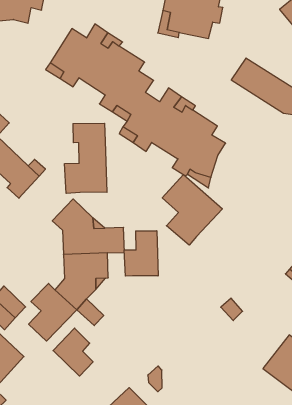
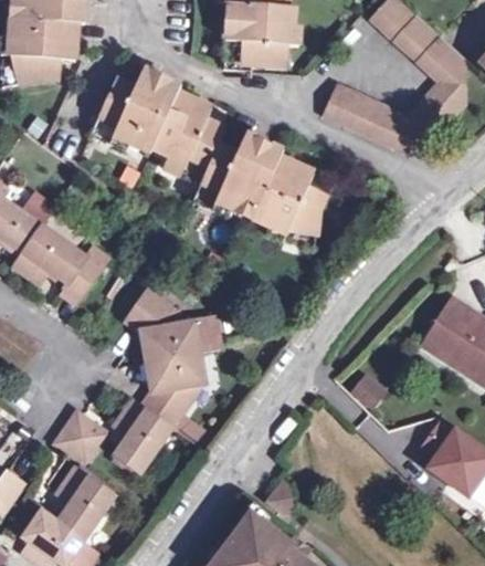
building: [65,123,107,193] -> none
building: [162,175,222,245] -> none
building: [124,231,158,276] -> none
building: [53,328,93,376] -> none

